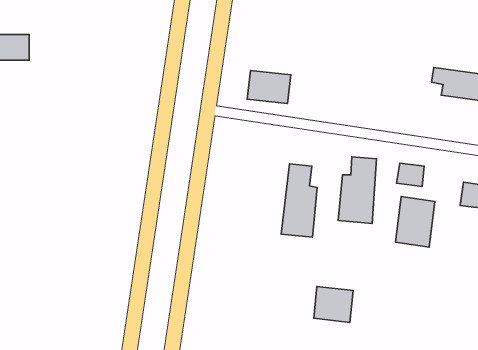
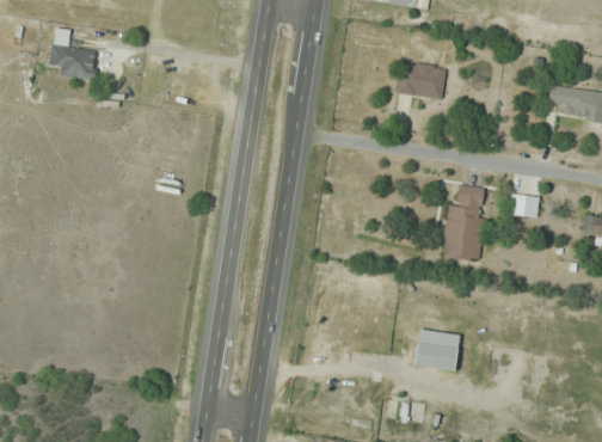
building: [247,71,291,104] -> [397,62,446,99]
building: [281,164,317,237] -> none
building: [395,196,435,247] -> none

